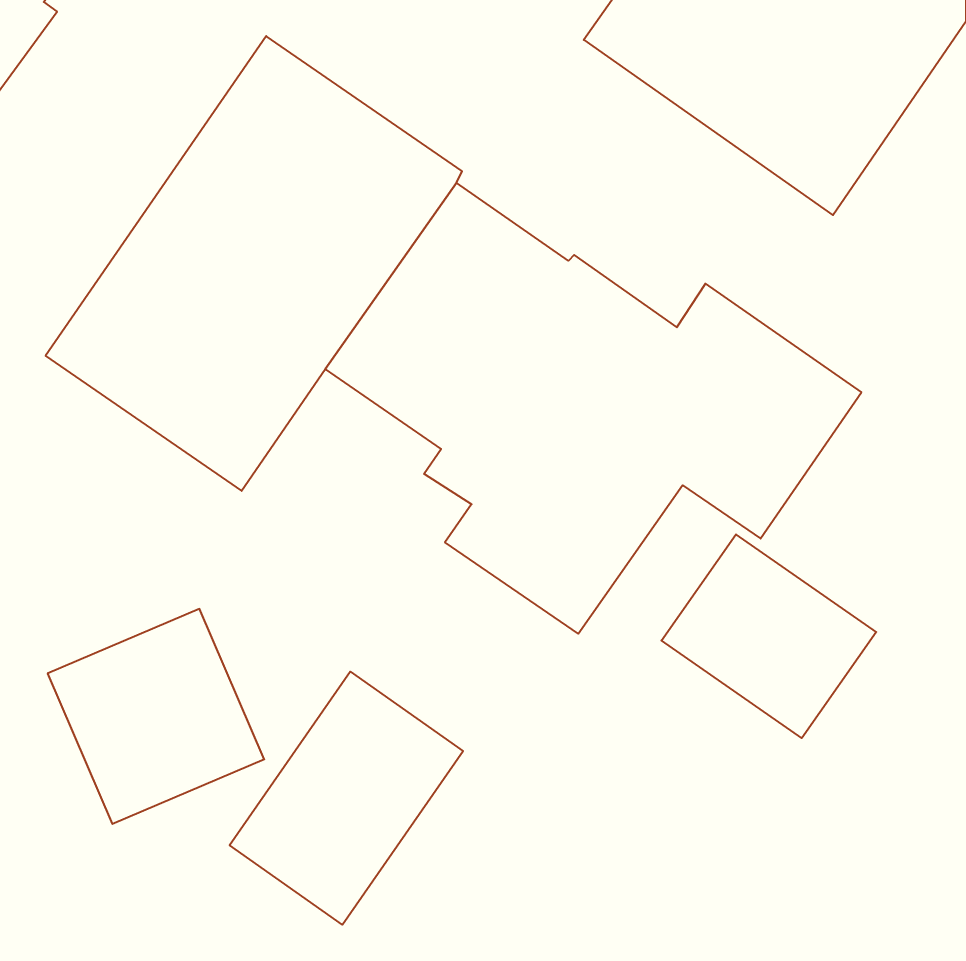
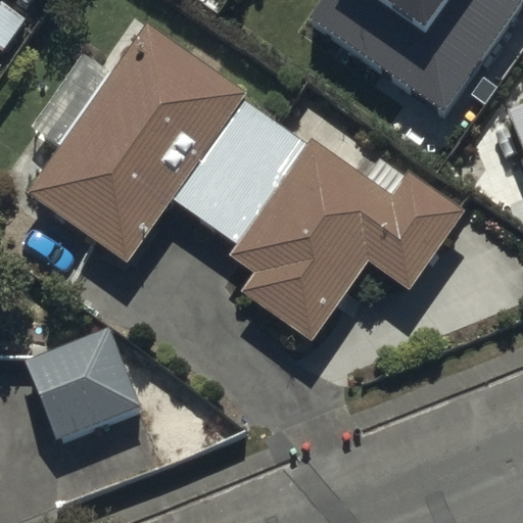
building: [661,534,876,738] -> none
building: [230,672,463,925] -> none

